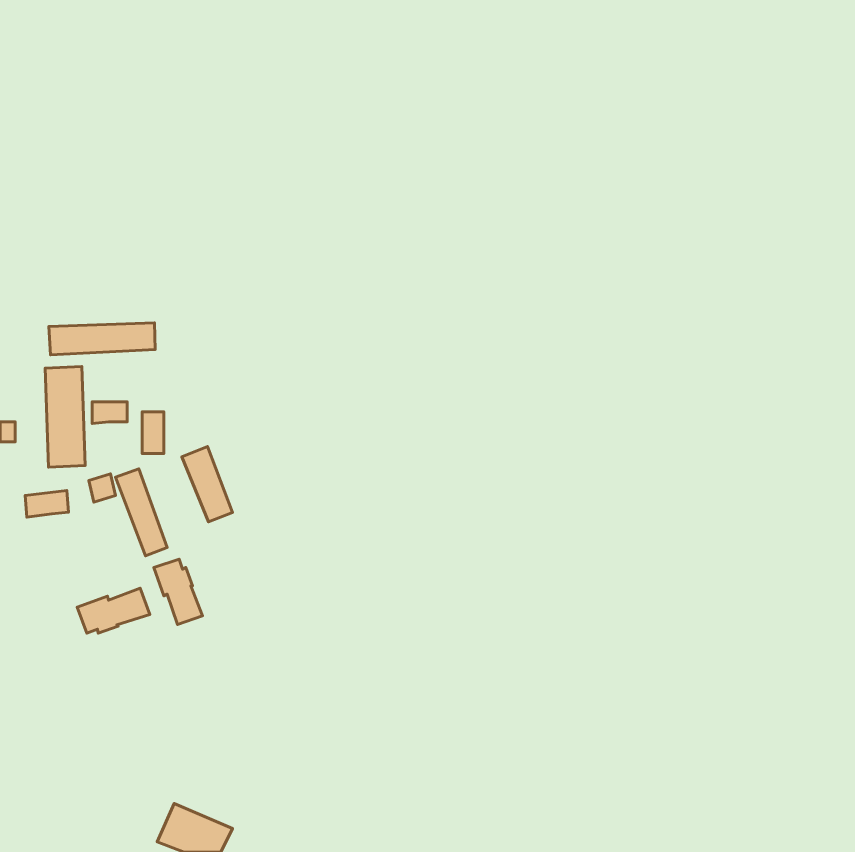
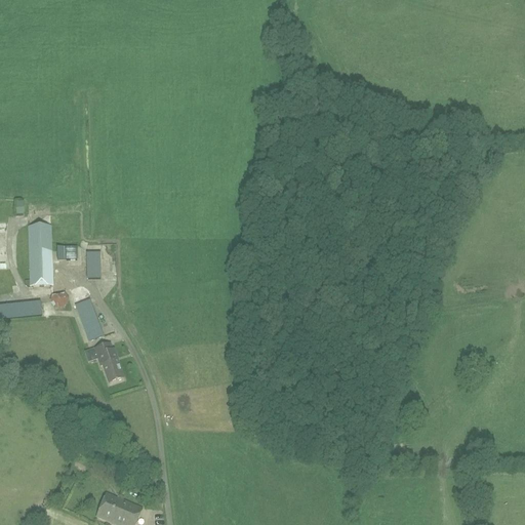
building: [49,323,155,355] -> none
building: [182,447,233,522] -> none
building: [77,588,150,633] -> none

